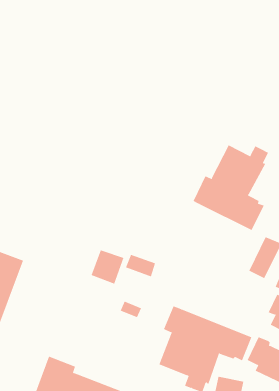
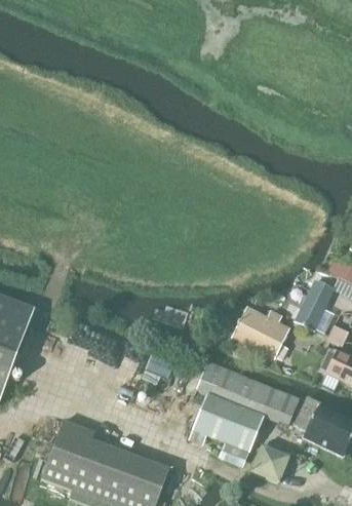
building: [192,144,269,231] -> none
building: [91,249,124,284] -> none
building: none -> [234,308,288,355]

